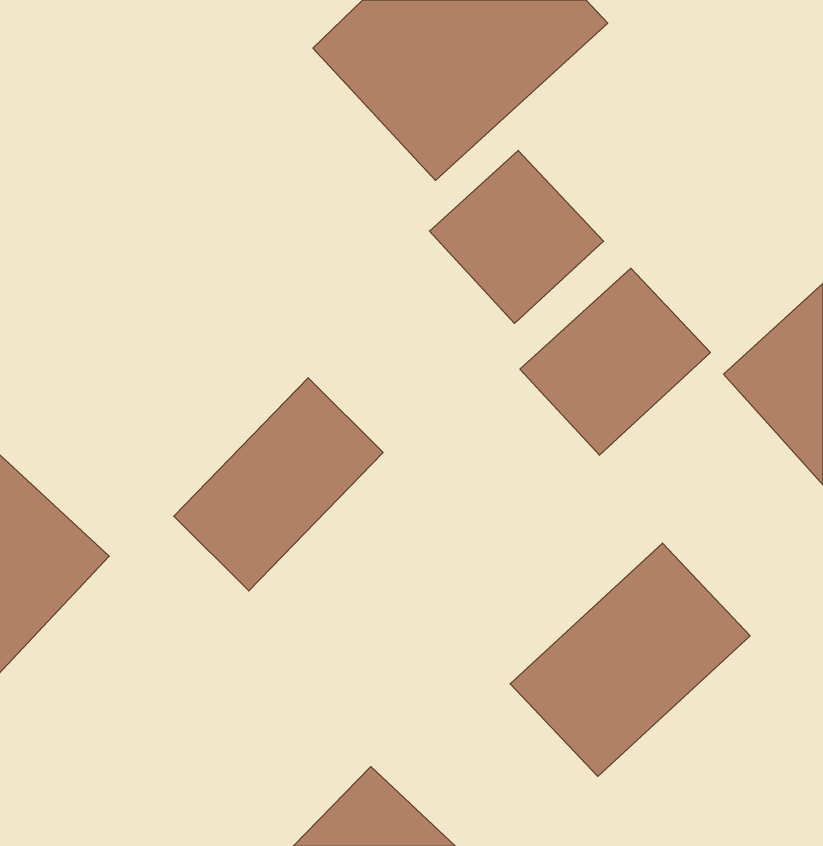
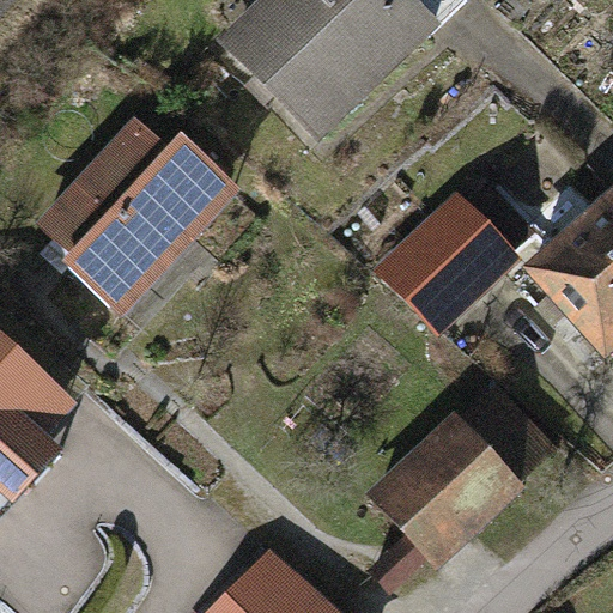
building: [429,150,604,323] -> none
building: none -> [44,114,242,299]
building: [174,378,383,591] -> none

